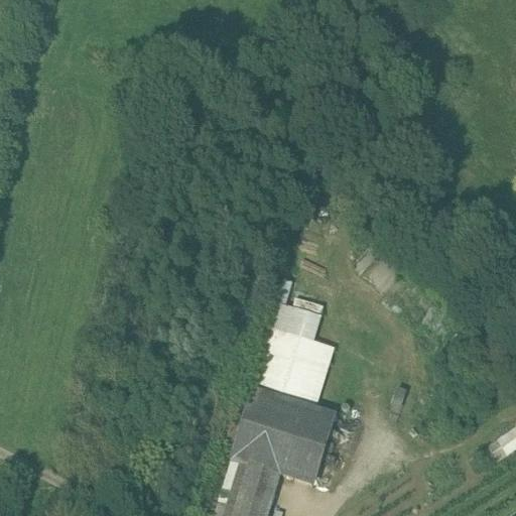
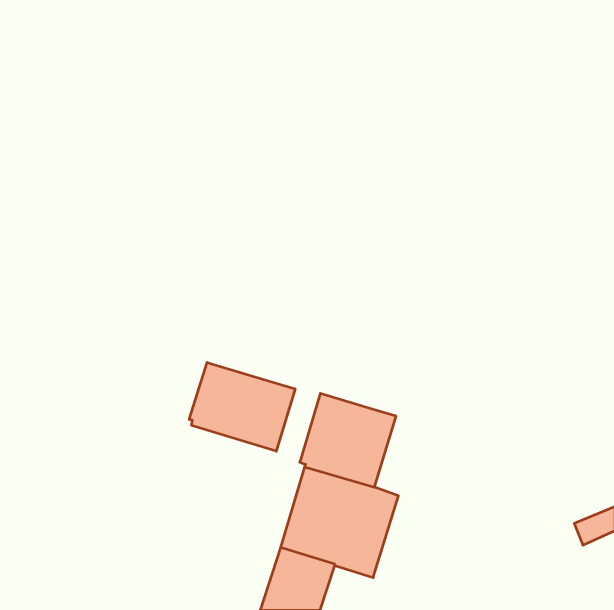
building: [269,302,320,343] -> none
building: none -> [189,362,295,451]

